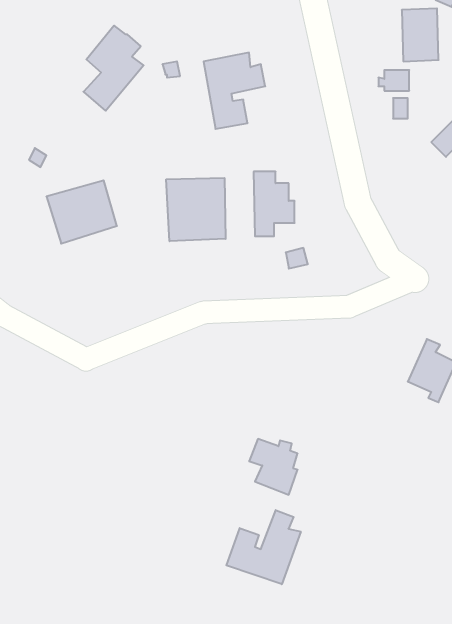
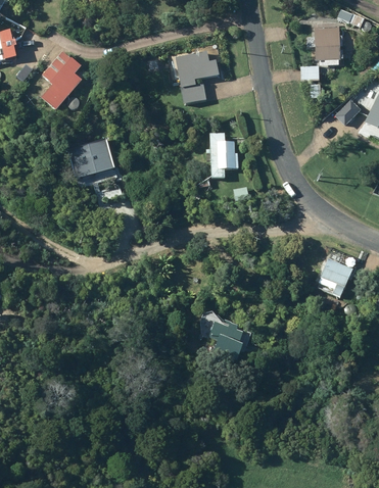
building: [83,26,144,111] -> [40,49,82,108]
building: [166,178,226,241] -> none
building: [226,510,301,584] -> none

